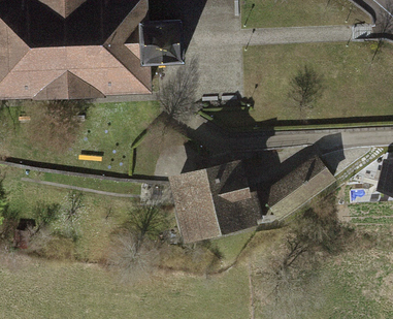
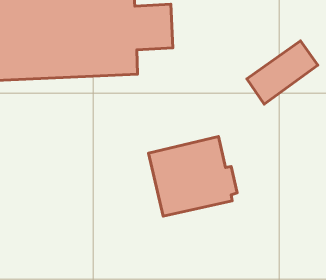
building: [259,153,334,220] -> [247,41,318,104]

